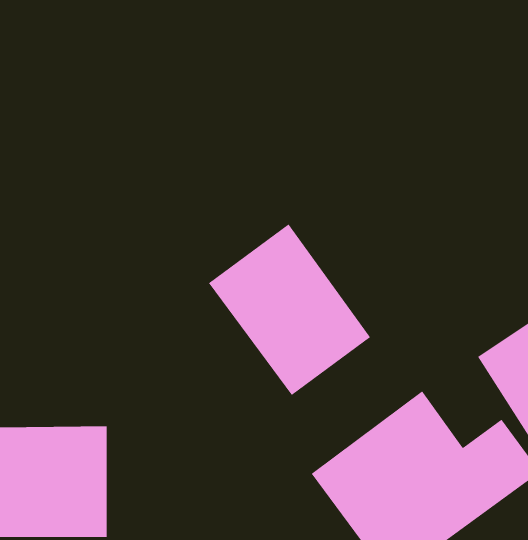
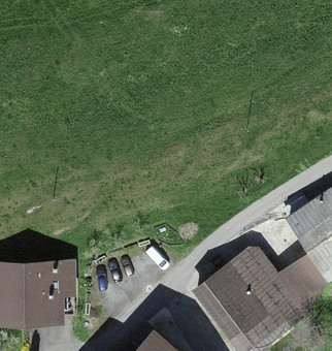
building: [208,224,371,396] -> none

